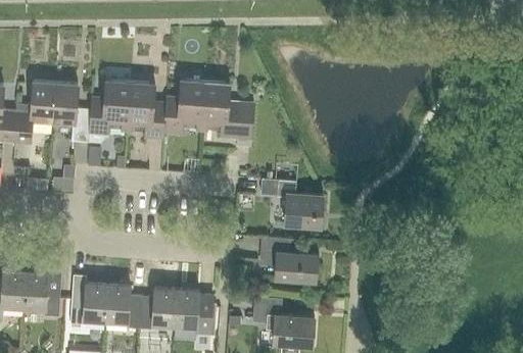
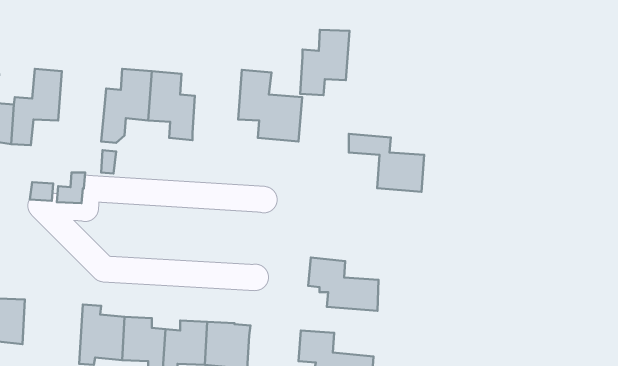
building: [163,81,204,135] -> [300,30,350,95]
building: [52,83,91,142] -> none
building: [260,179,323,226] -> [349,134,424,192]
building: [22,269,62,316] -> none

